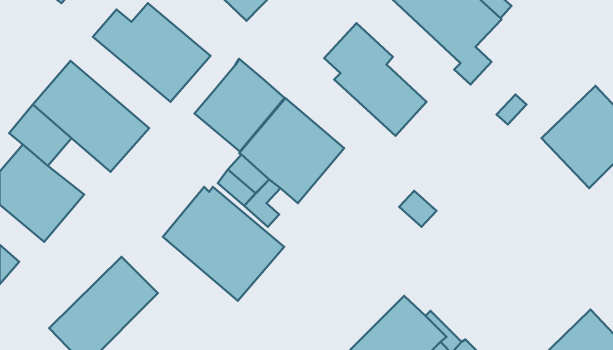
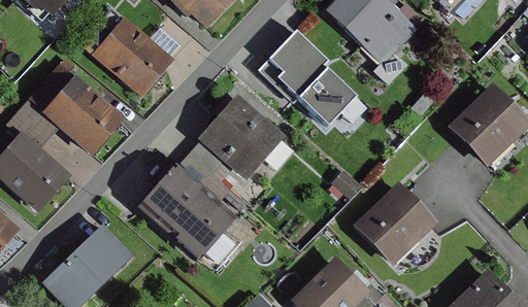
building: [195,59,285,151] -> none
building: none -> [353,182,437,266]

